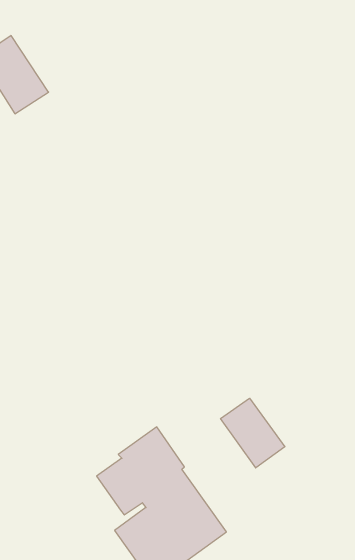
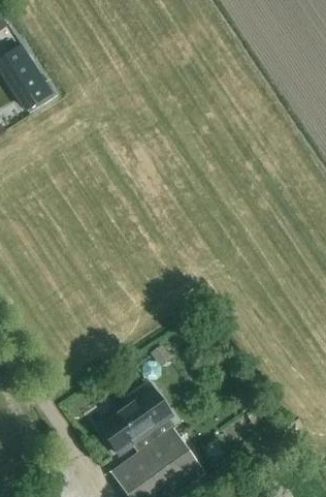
building: [221,398,285,468] -> none

